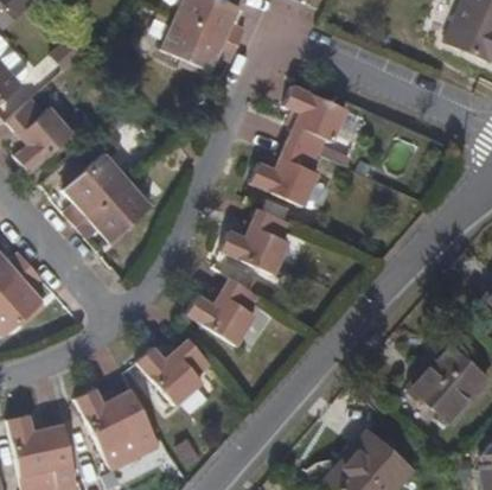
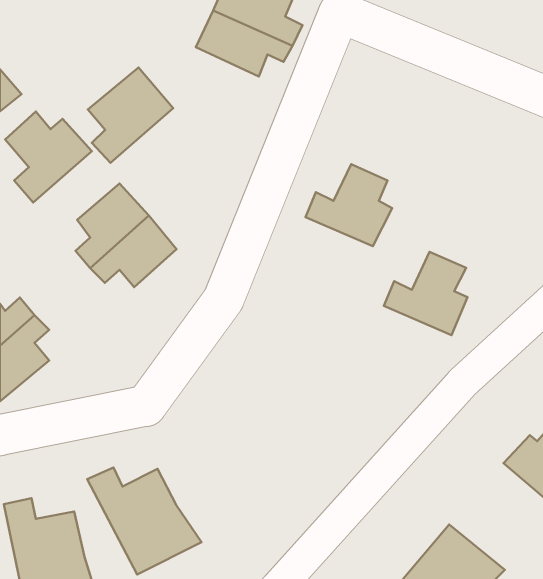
building: none -> [88,68,173,163]
building: [285,88,350,154] -> none
building: [221,206,288,274] -> [384,252,467,335]
building: [184,274,255,344] -> none
building: [135,336,207,406] -> none

